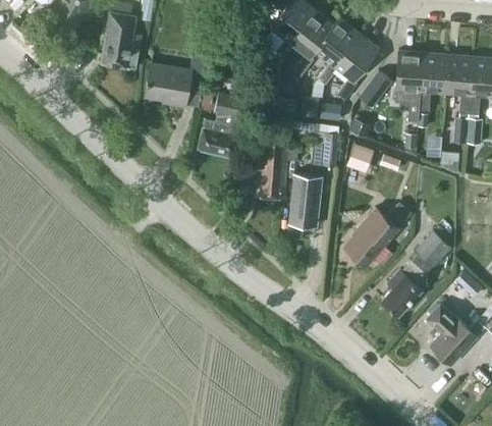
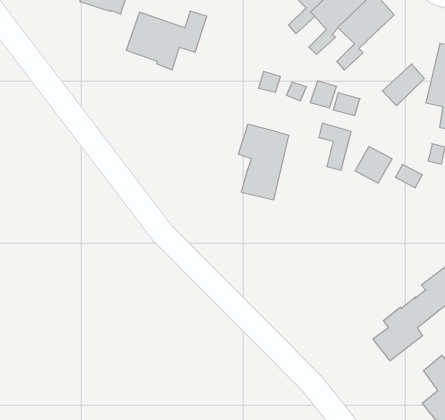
building: [333,34,378,100] -> none
building: [198,93,242,156] -> none
building: [287,173,322,226] -> none
building: [344,202,412,265] -> none

